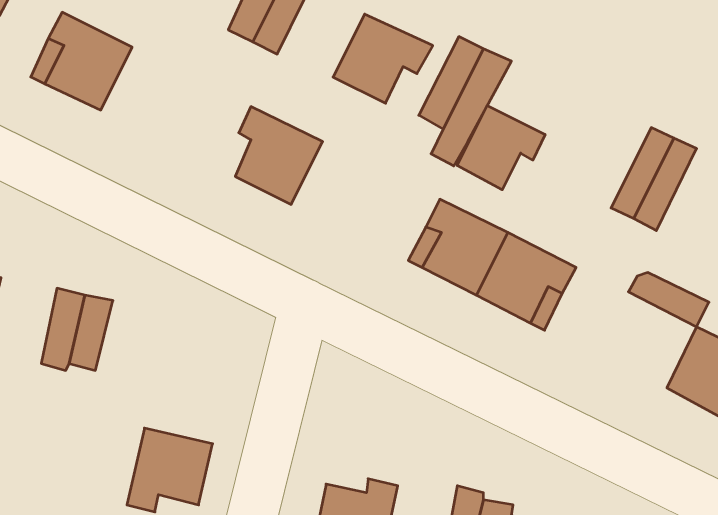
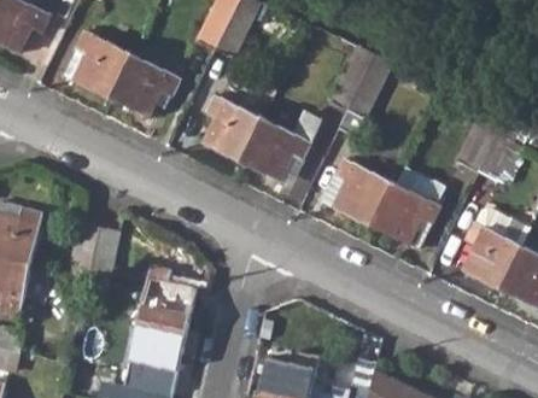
building: [333,14,433,103] -> [242,119,311,181]
building: none -> [111,54,177,117]
building: [457,106,545,190] -> none
building: none -> [462,223,522,289]
building: none -> [141,267,197,328]

